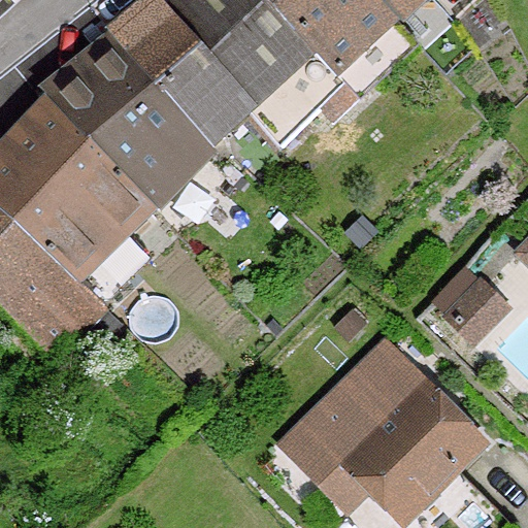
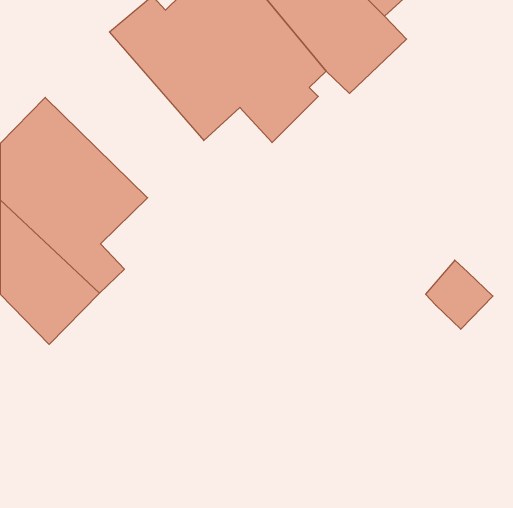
building: [39,33,209,203] -> none
building: [285,362,481,516] -> none

